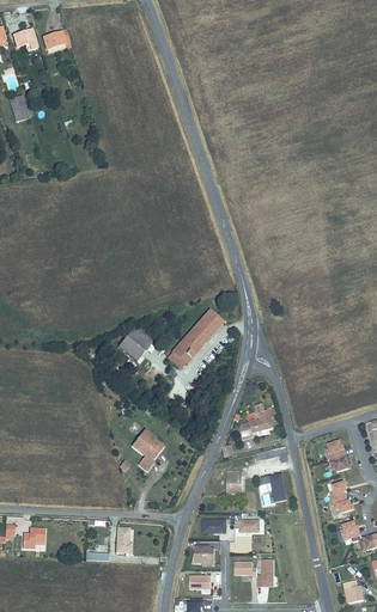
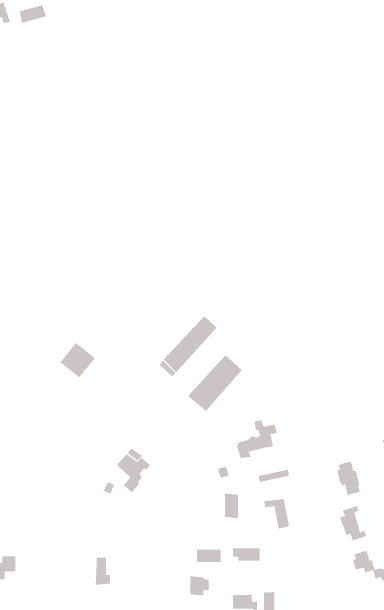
building: [120,326,152,359] -> [60,342,96,378]
building: none -> [187,354,242,412]

